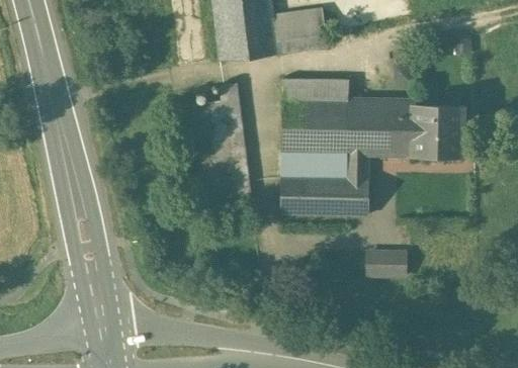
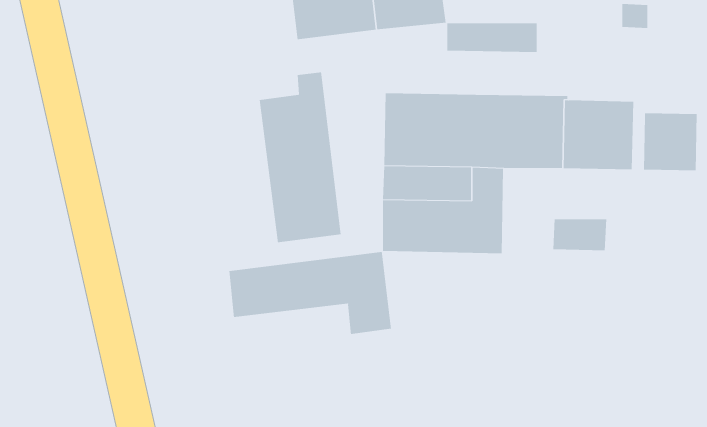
building: [282,79,348,100] -> [446,23,537,52]
building: none -> [643,112,697,171]
building: none -> [229,251,391,335]
building: [365,253,405,276] -> [552,219,607,251]

